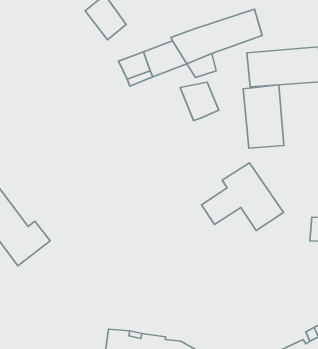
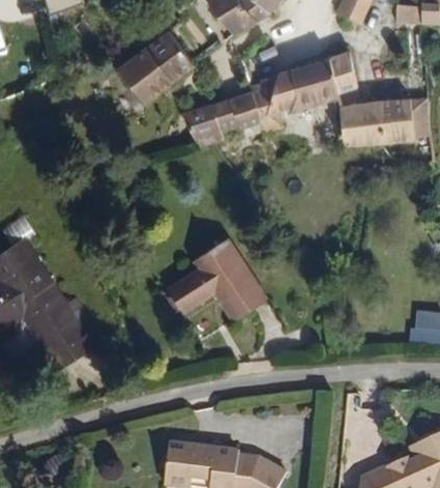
building: none -> [116,56,170,111]
building: [180,82,219,121] -> none
building: [243,85,284,148] -> none
building: [202,163,284,231] -> [167,237,266,319]

